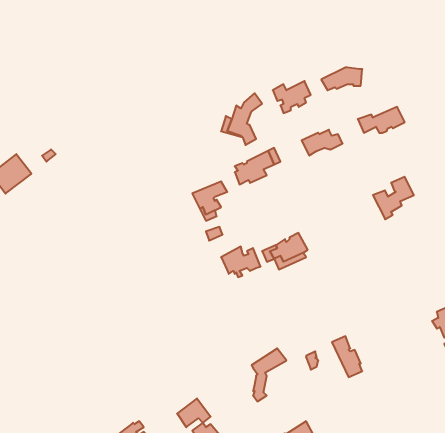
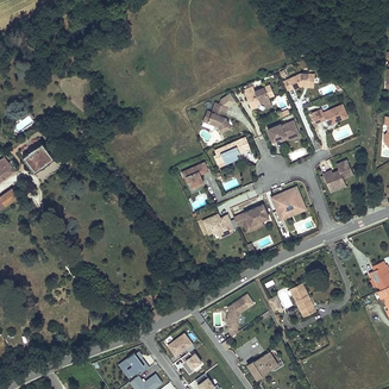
building: none -> [272,187,306,236]

